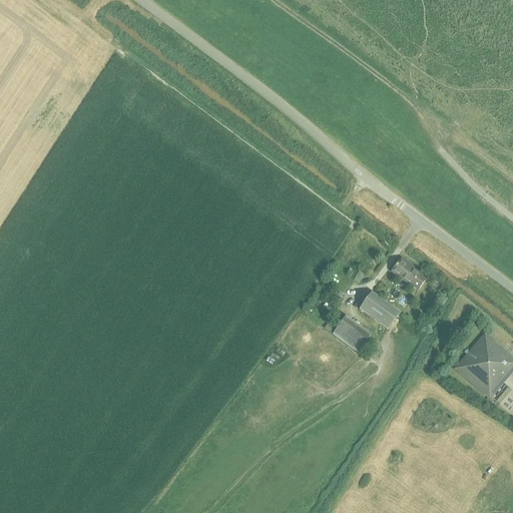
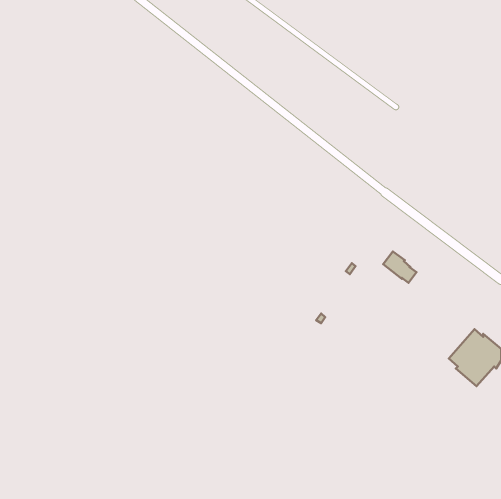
building: [359,291,399,327] -> none
building: [333,317,369,350] -> none

